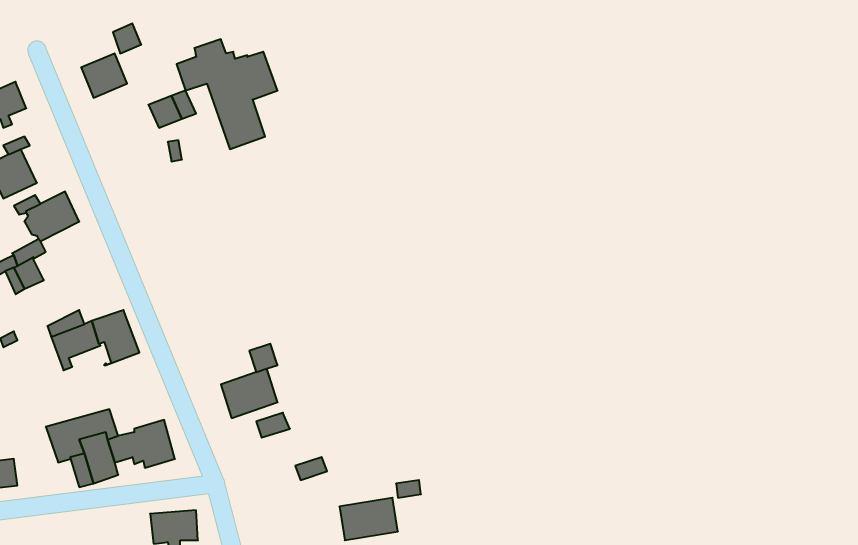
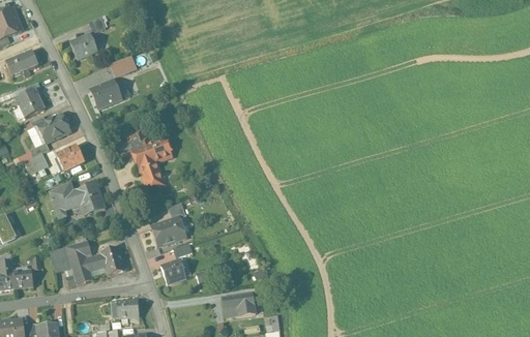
building: [177,39,278,149] -> [115,128,174,192]
building: none -> [90,80,121,109]
building: none -> [57,146,84,172]
building: none -> [160,258,186,283]

